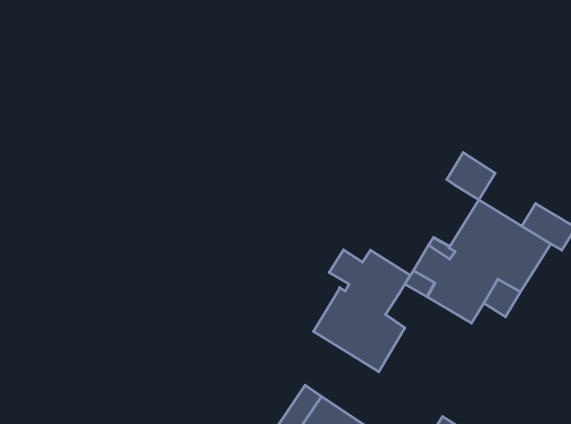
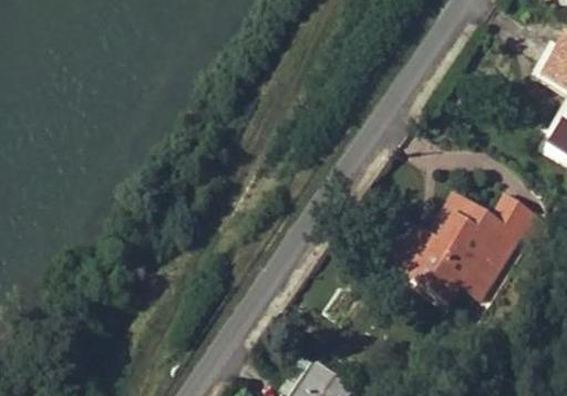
building: [447,153,495,200] -> none
building: [313,250,410,372] -> none

